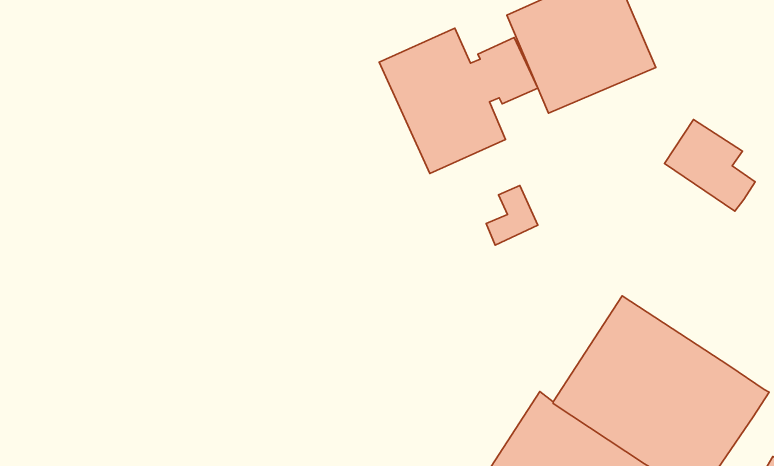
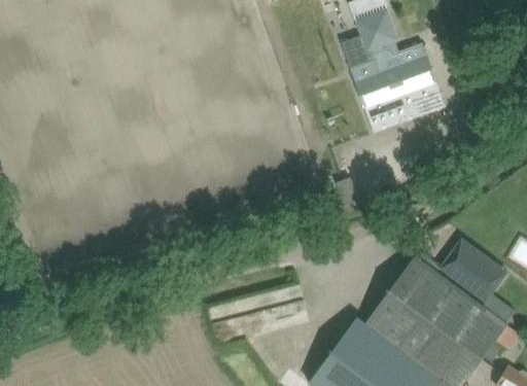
building: [379,28,538,174] -> none
building: [665,119,755,211] -> [442,239,500,301]

